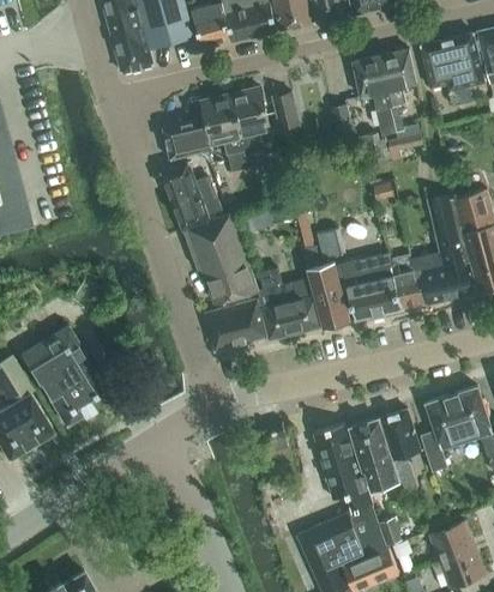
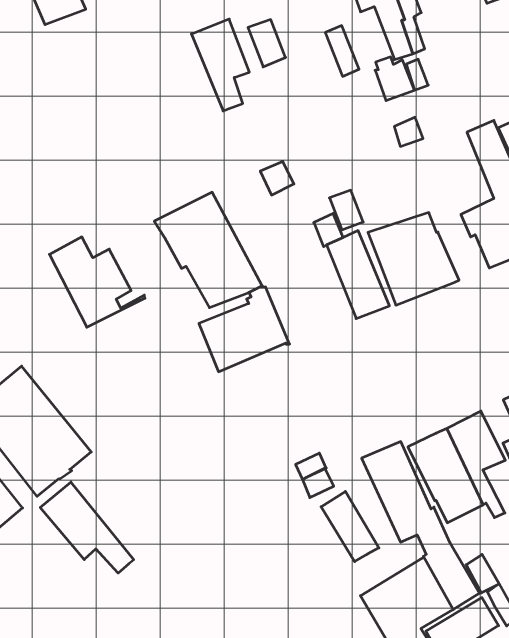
building: [163,95,254,179] -> none
building: [162,163,229,231] -> [49,237,145,327]
building: [394,259,429,308] -> none
building: [259,266,323,338] -> none
building: none -> [40,482,134,573]
building: none -> [321,491,379,562]

